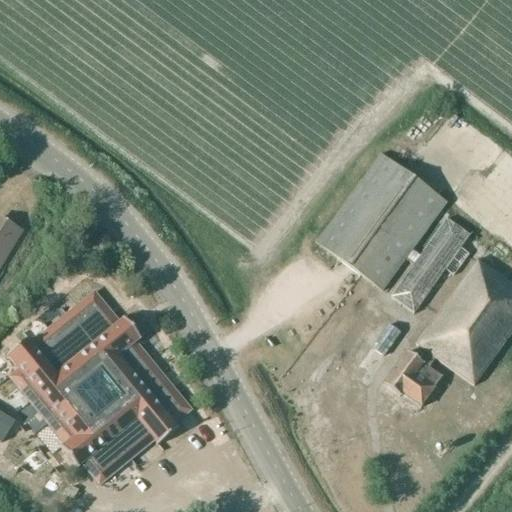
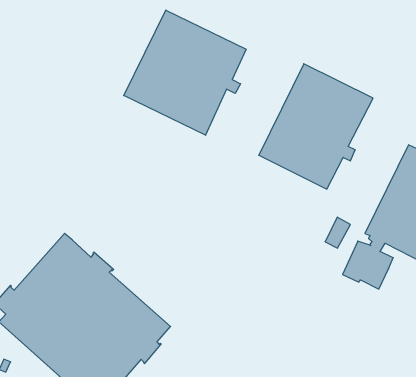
building: none -> [124,10,246,135]
building: [389,215,472,313] -> none

